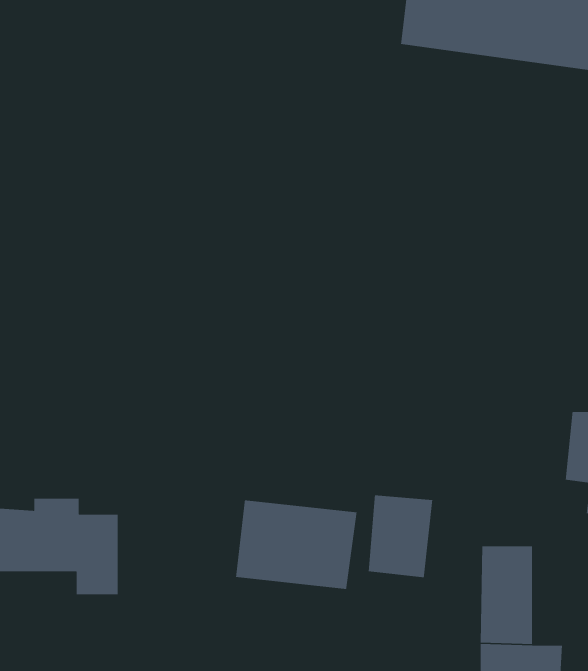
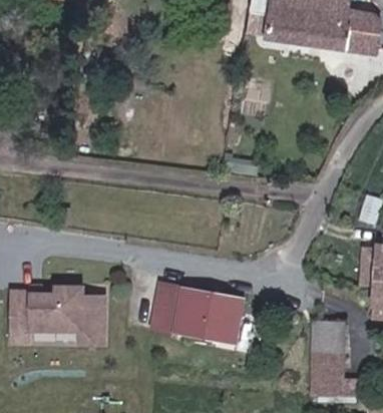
building: none -> [154,290,178,337]
building: [368,494,433,578] -> none

